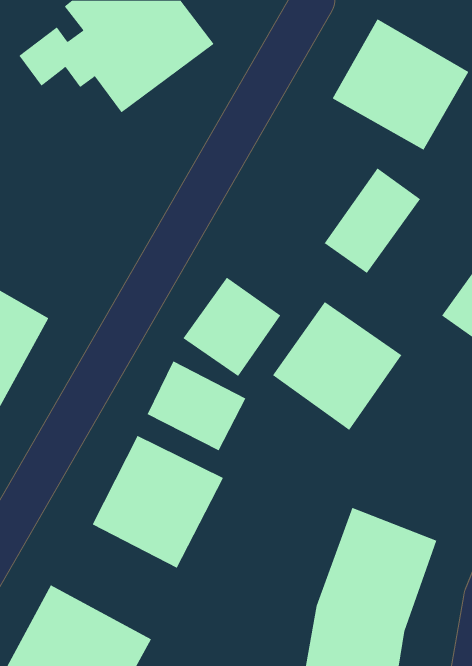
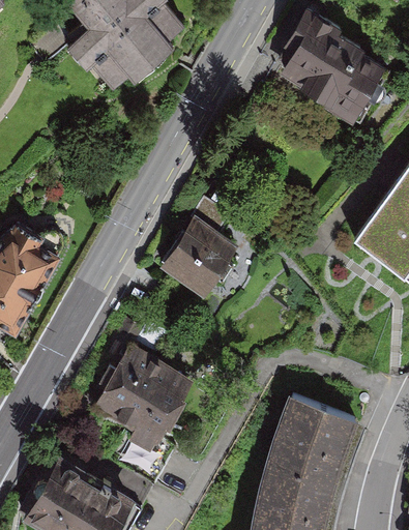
building: [324,167,421,274] -> none
building: [272,301,402,431] -> none
building: [147,360,246,451] -> none

